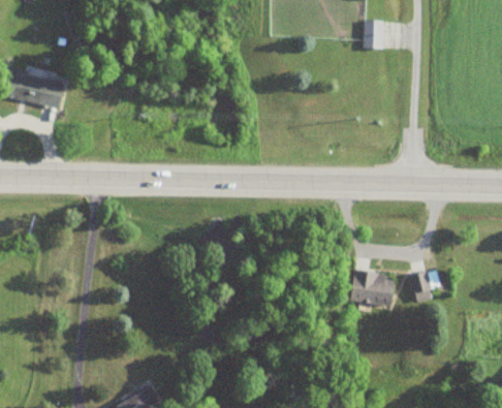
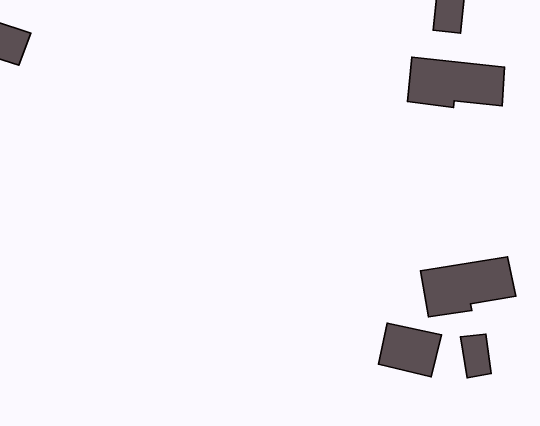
building: none -> [408,57,505,107]
building: none -> [421,257,516,317]

